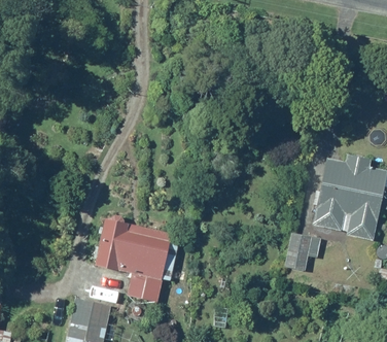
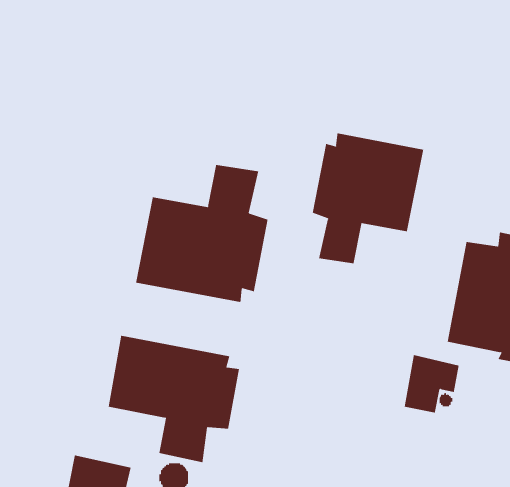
building: none -> [312,133,424,264]
building: none -> [135,164,268,303]

